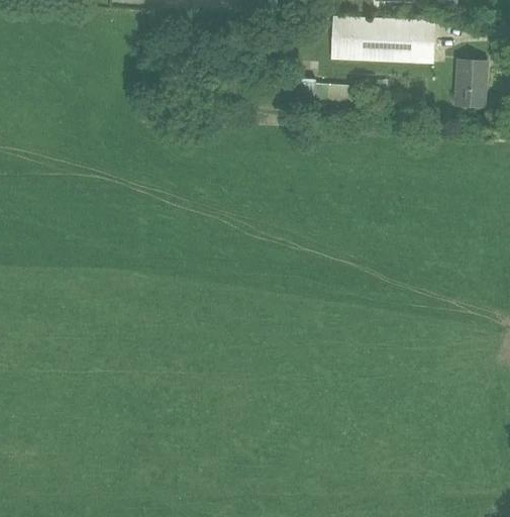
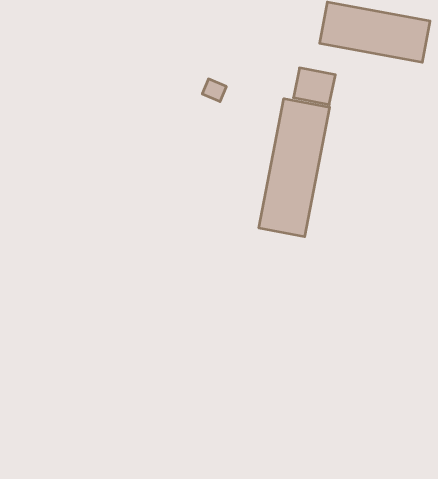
building: none -> [259,99,330,237]

